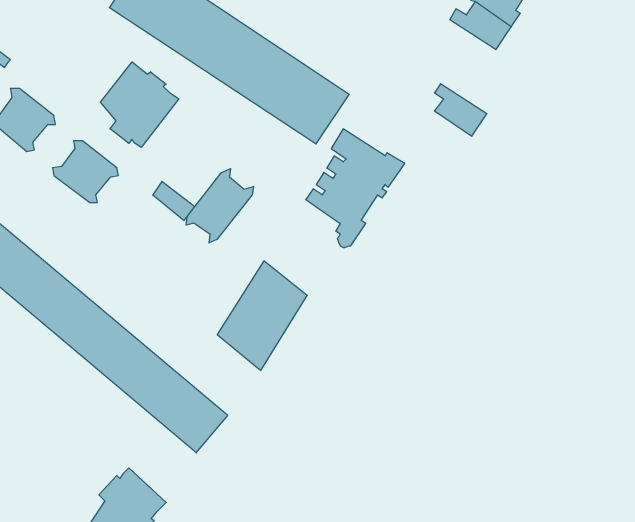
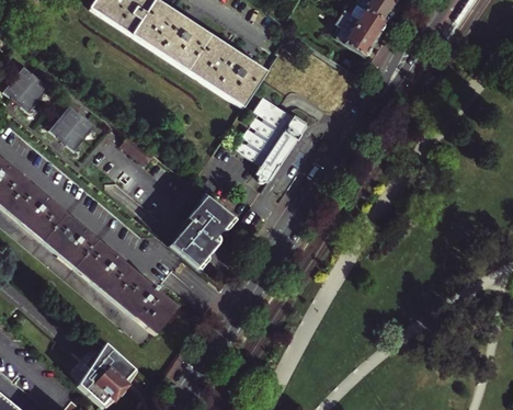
building: [100,62,179,147] -> none
building: [434,84,487,136] -> [335,16,374,55]
building: [186,169,253,243] -> none

